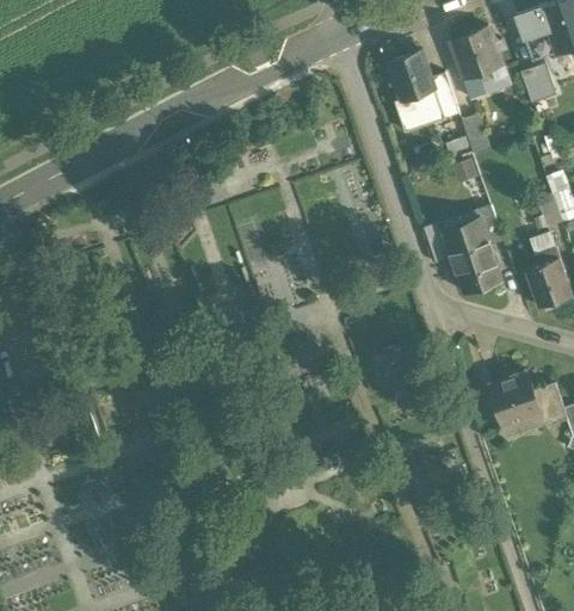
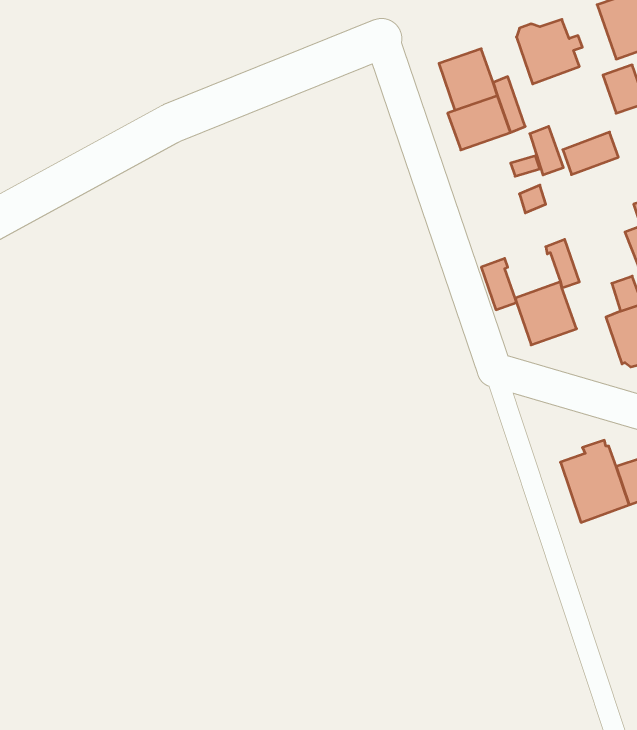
building: [465,63,511,98] -> [563,132,618,175]
building: [443,215,488,252] -> none

